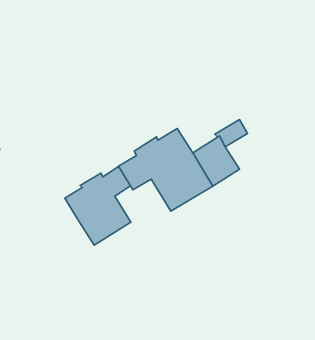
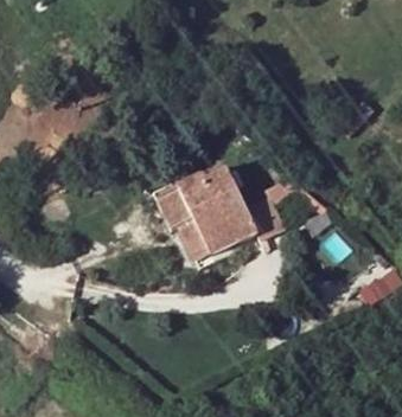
building: [65,167,131,245] -> none

